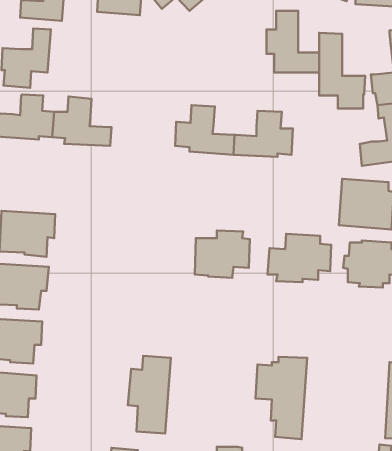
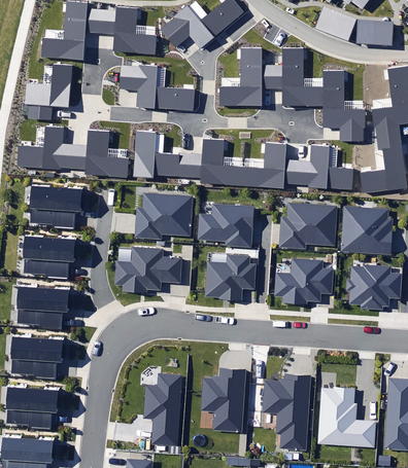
building: none -> [219,48,273,107]
building: none -> [121,65,194,109]
building: none -> [134,132,189,177]
building: none -> [297,144,353,190]
building: none -> [30,187,82,229]
building: none -> [134,193,193,240]
building: none -> [279,203,338,249]
building: none -> [199,204,254,248]
building: none -> [113,247,182,292]
building: none -> [201,368,245,431]
building: none -> [318,387,376,447]

